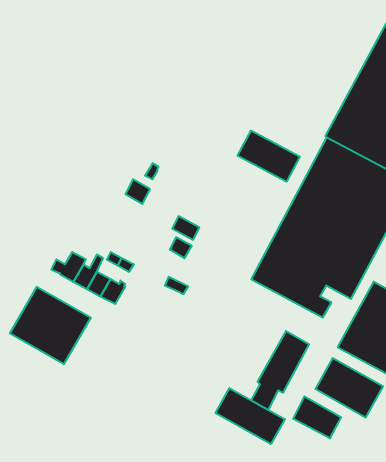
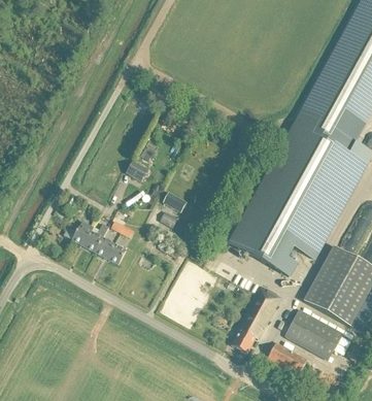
building: [238,131,300,182] -> none
building: [10,287,91,364] -> none
building: [215,388,285,444] -> none

